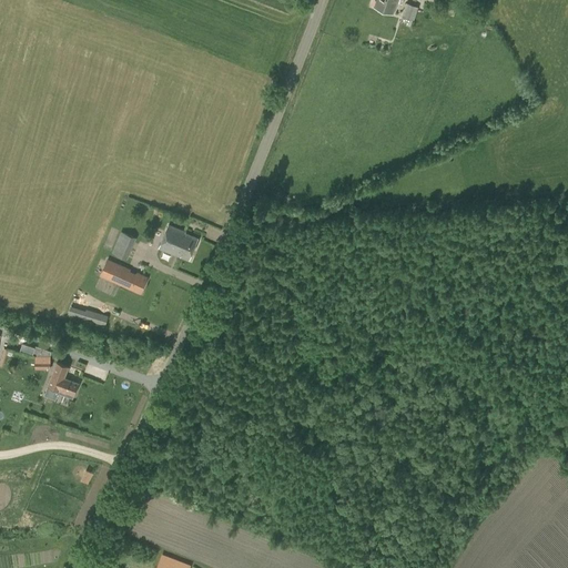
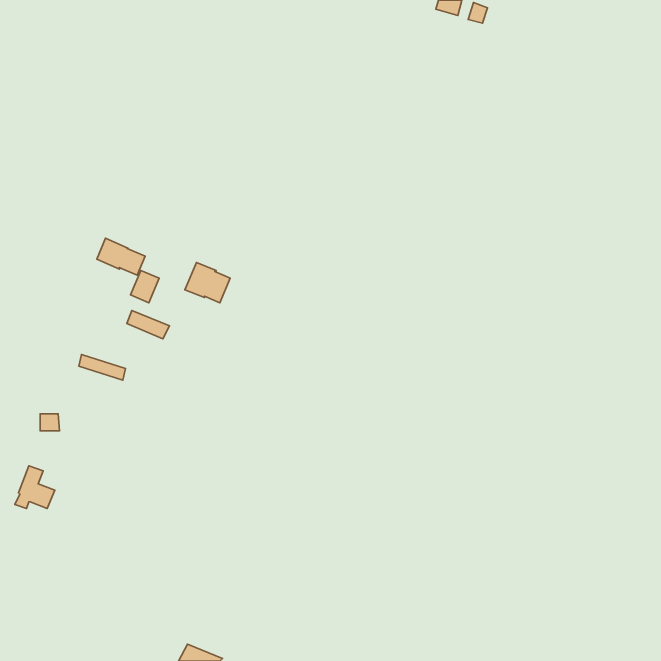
building: none -> [97,238,145,275]
building: [44,362,79,398] -> [15,466,55,508]

